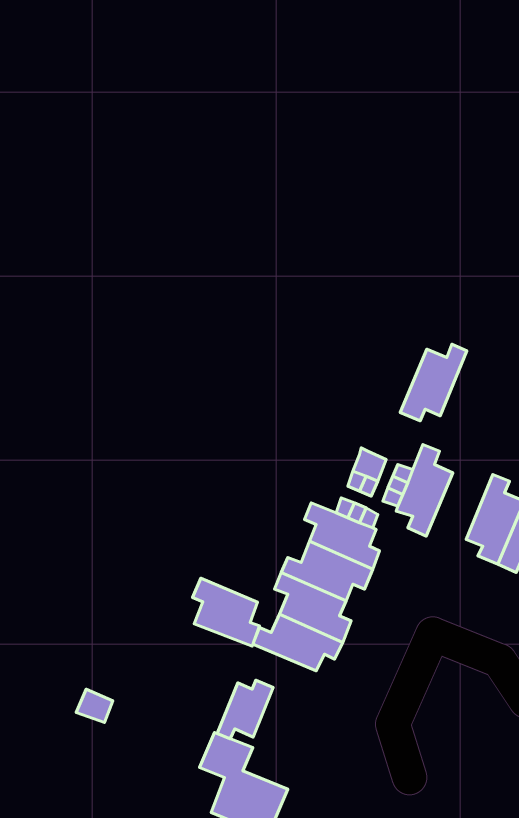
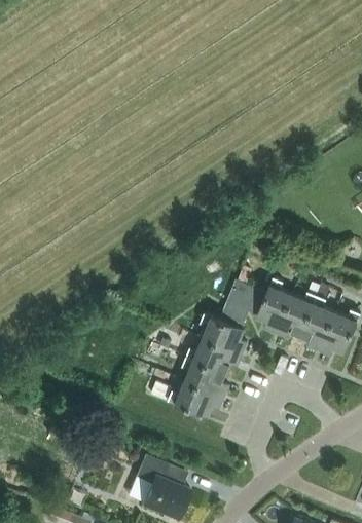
building: [400,344,467,421] -> [275,292,316,339]
building: [192,578,260,646] -> none
building: [217,680,273,739] -> none

